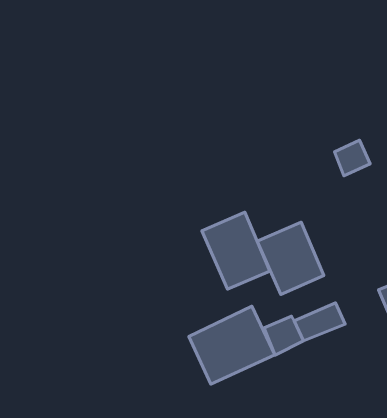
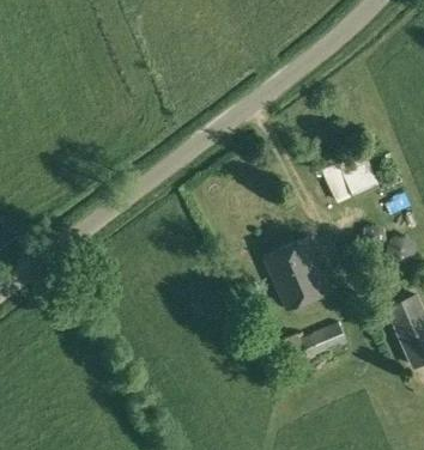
building: [202,212,270,289] -> none
building: [189,306,275,384] -> none

